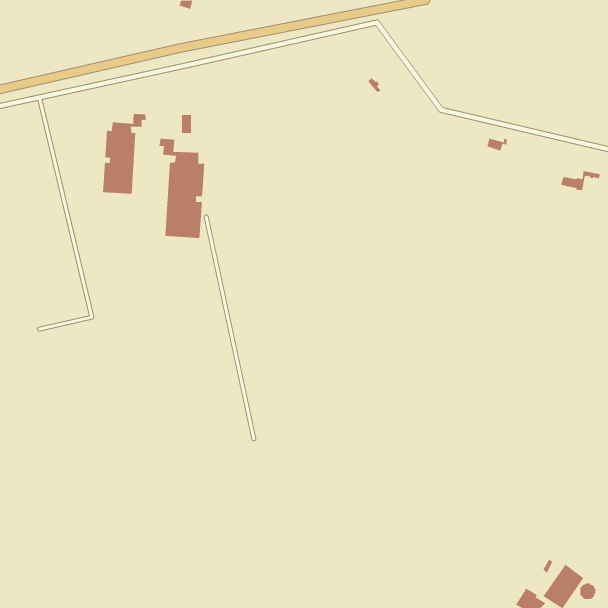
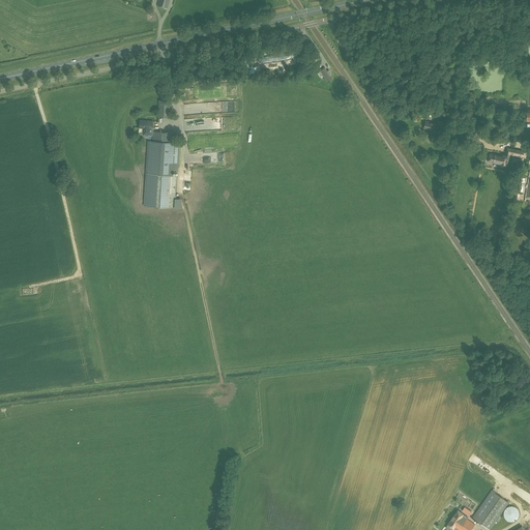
building: [103,113,146,194] -> none

